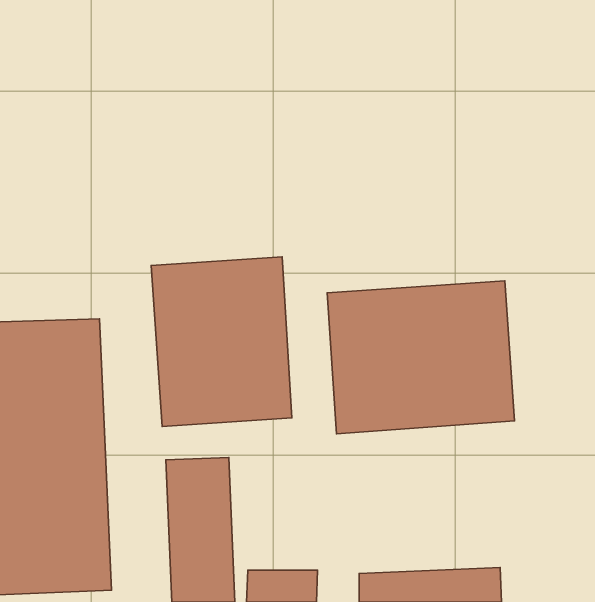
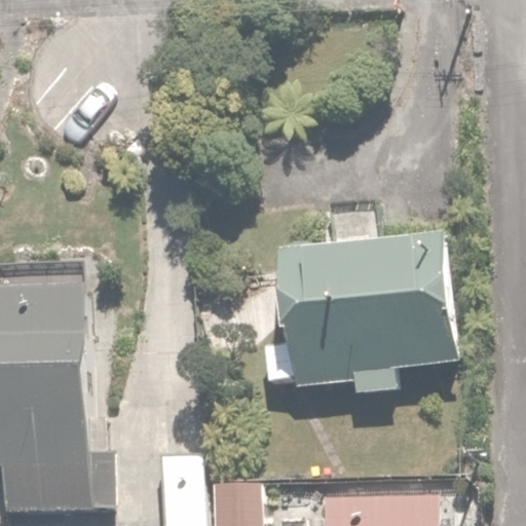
building: [151,257,292,426] -> none

